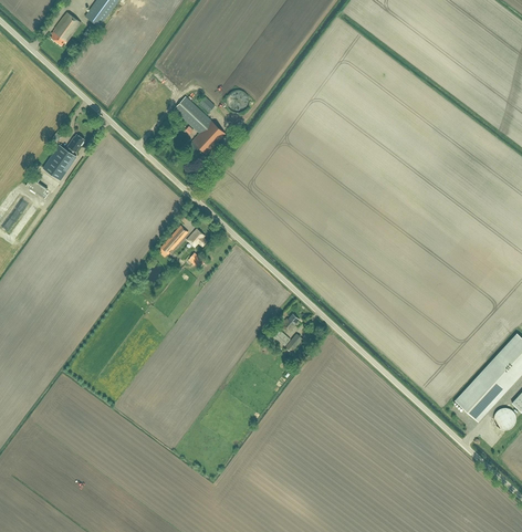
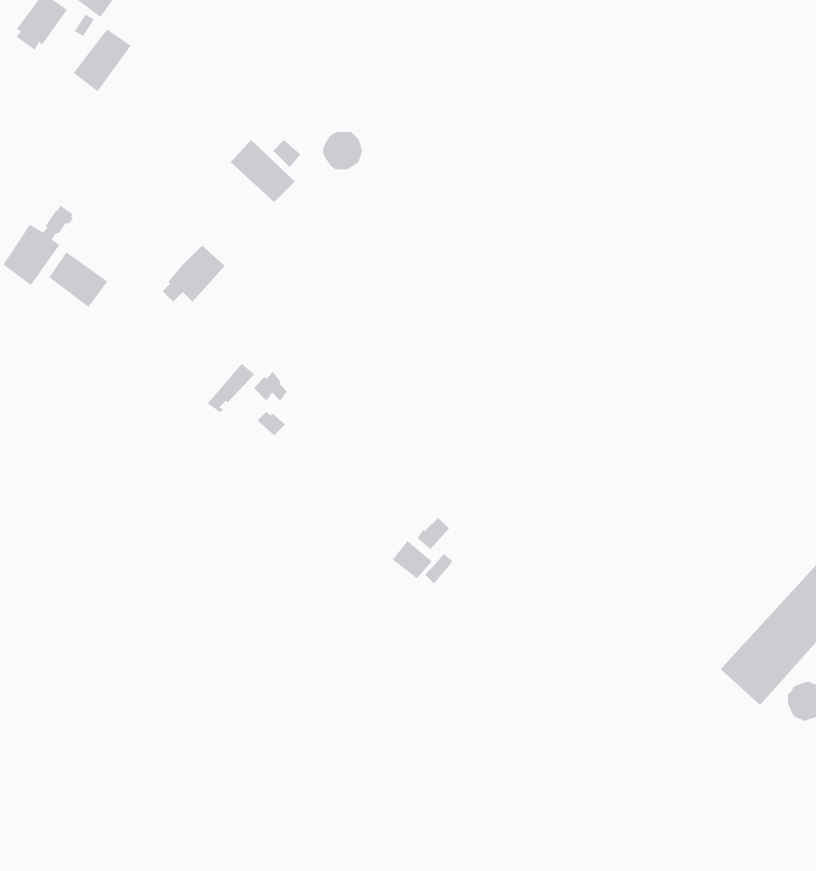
building: none -> [73,28,132,92]
building: [188,121,225,154] -> [162,245,225,303]
building: none -> [48,251,108,308]

